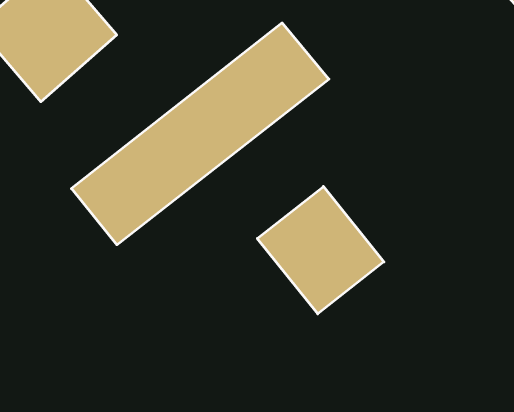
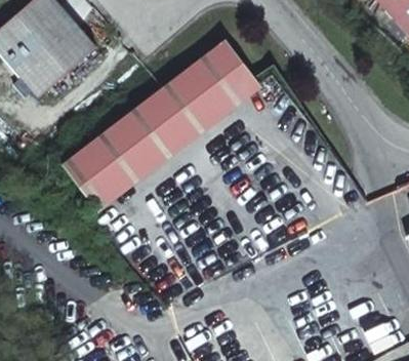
building: [257,186,384,314] -> none

